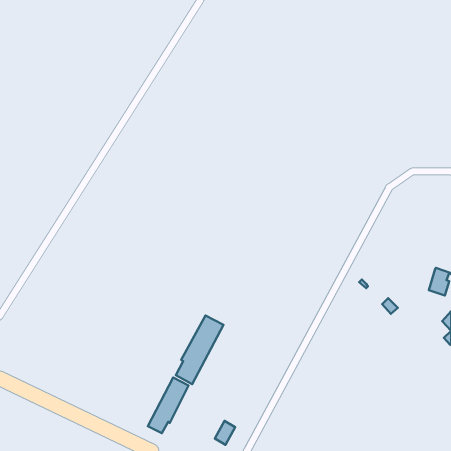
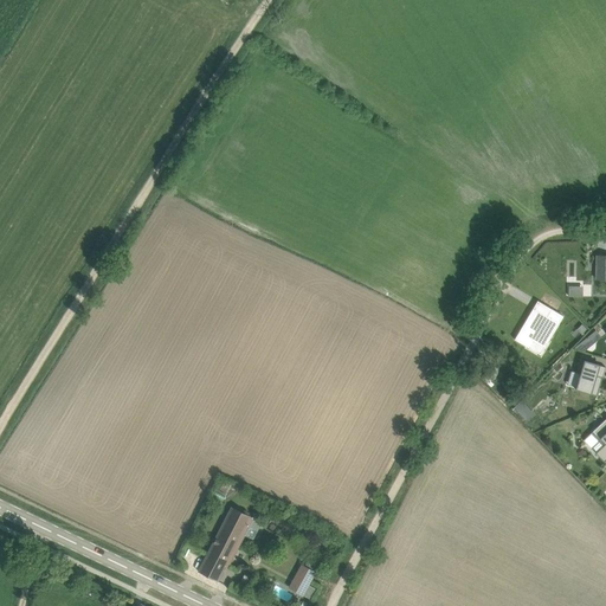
building: none -> [516,308,562,347]
building: [176,316,223,384] -> none

